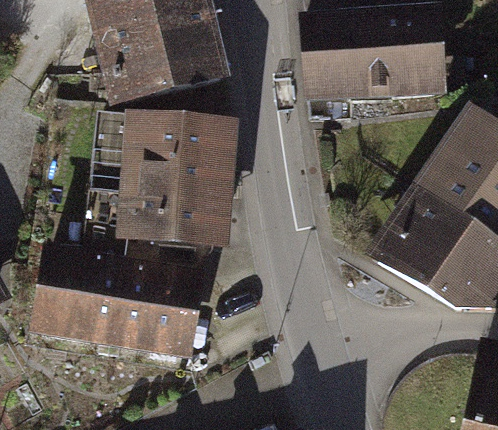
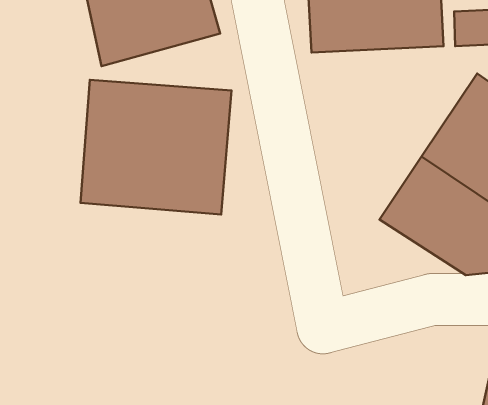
building: [36,250,201,353] -> none

